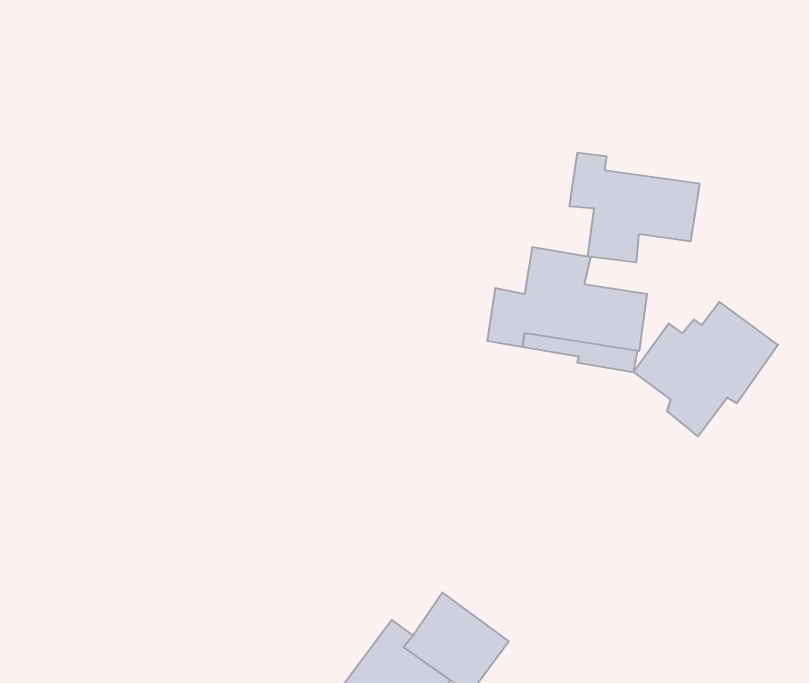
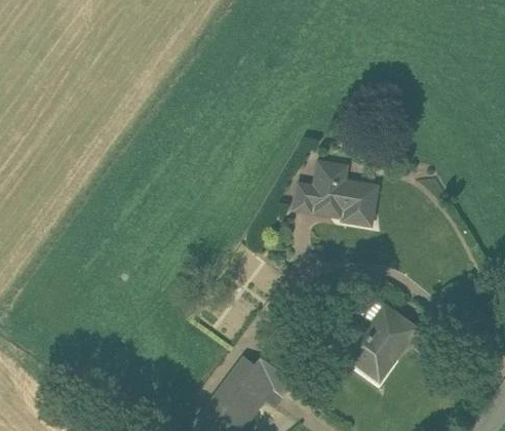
building: [570,153,699,263] -> none
building: [634,302,778,436] -> [341,306,417,377]

